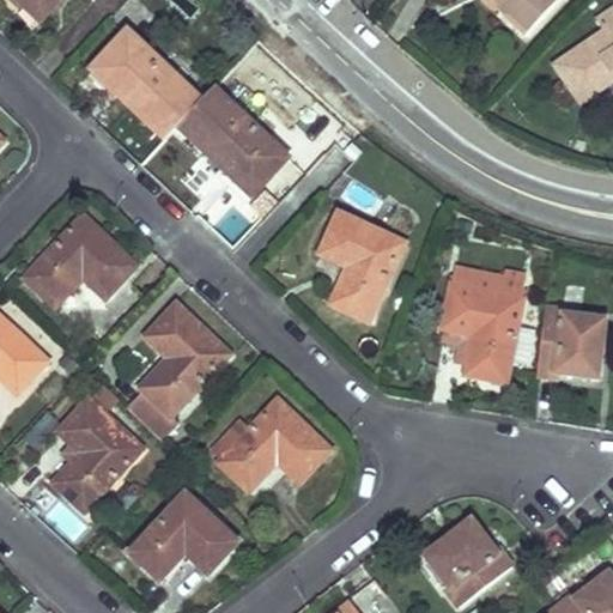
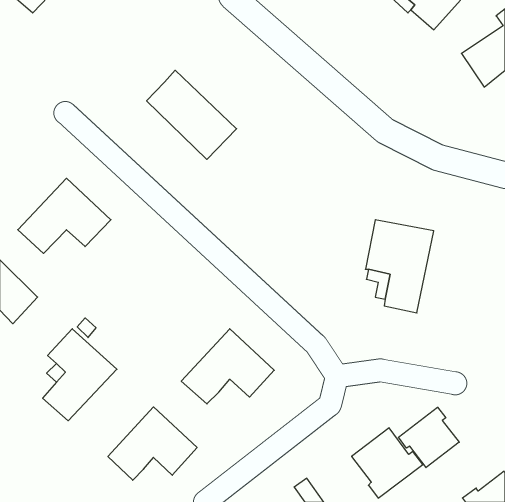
building: [92,30,199,135] -> none
building: [318,213,403,318] -> none
building: [127,303,227,439] -> none
building: [534,303,602,374] -> none
building: none -> [398,407,459,468]

